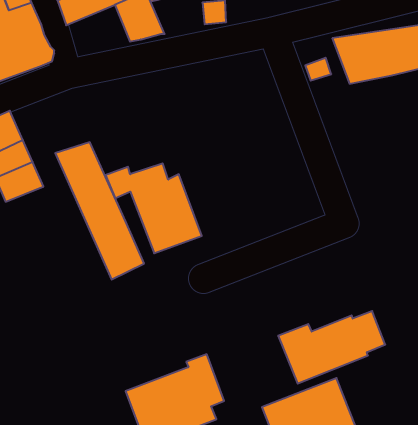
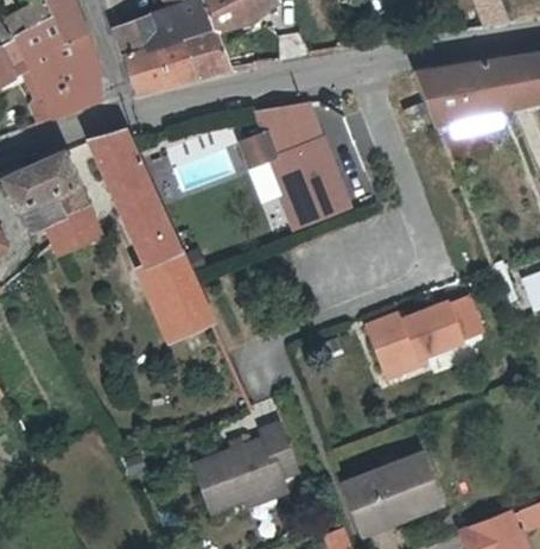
building: none -> [126,36,196,92]
building: none -> [89,130,152,198]
building: [105,163,202,253] -> [241,121,347,220]
building: [278,311,385,384] -> [367,297,484,377]

